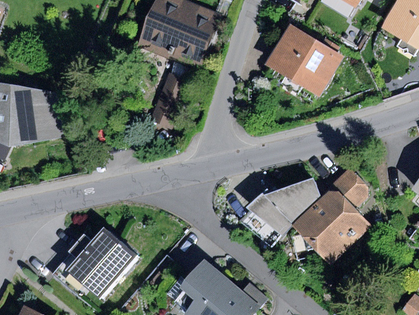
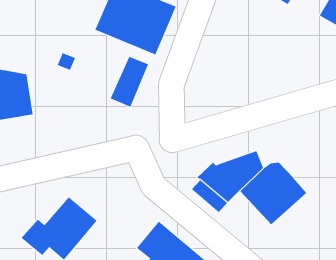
building: [265,23,342,94] -> none
building: [324,166,367,207] -> none

